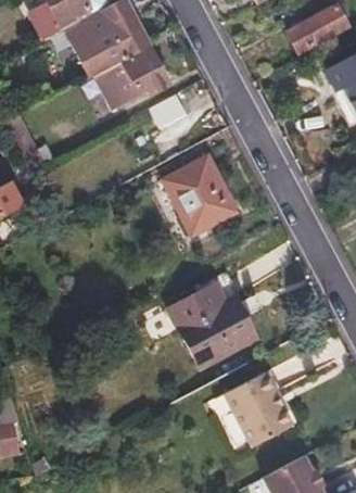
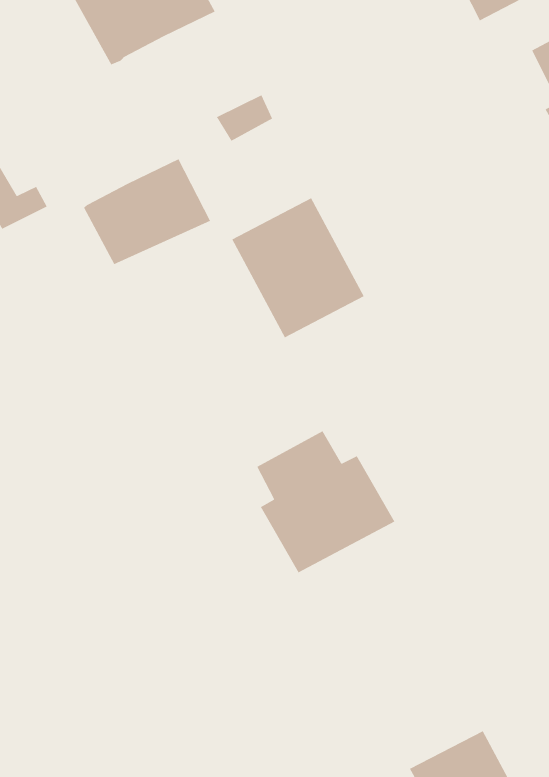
building: [97,47,169,108] -> [83,158,211,265]
building: [224,374,292,446] -> none

